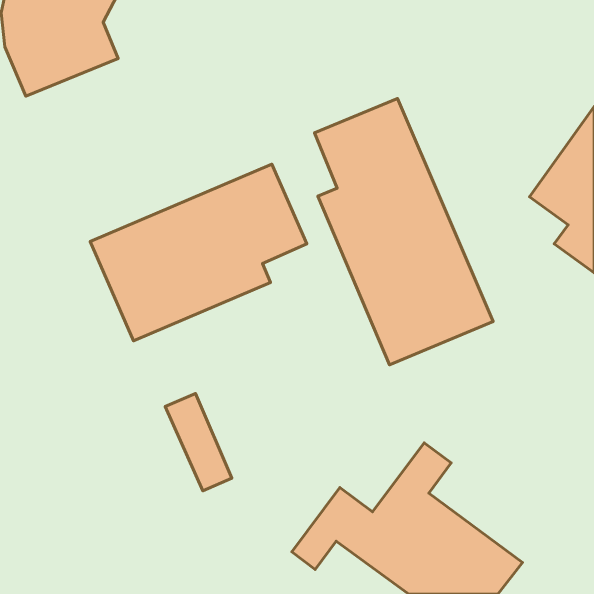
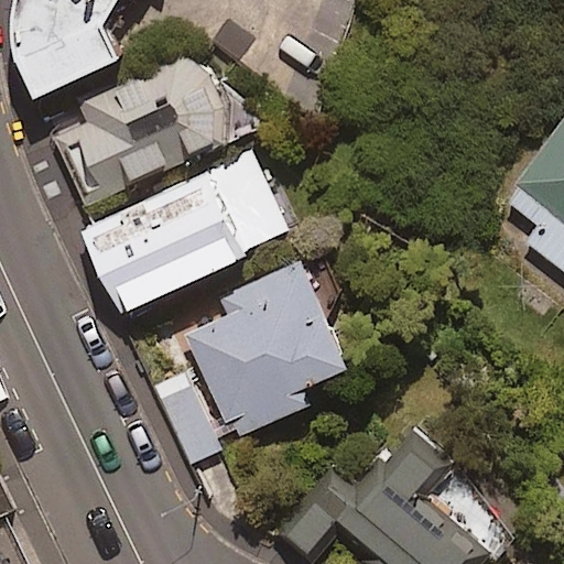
building: none -> [55,48,227,205]
building: [314,99,493,365] -> none
building: none -> [185,263,355,442]

